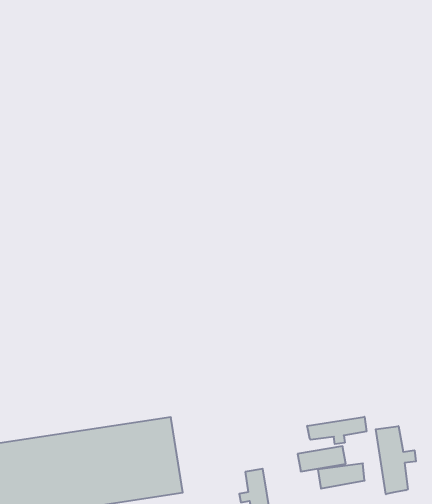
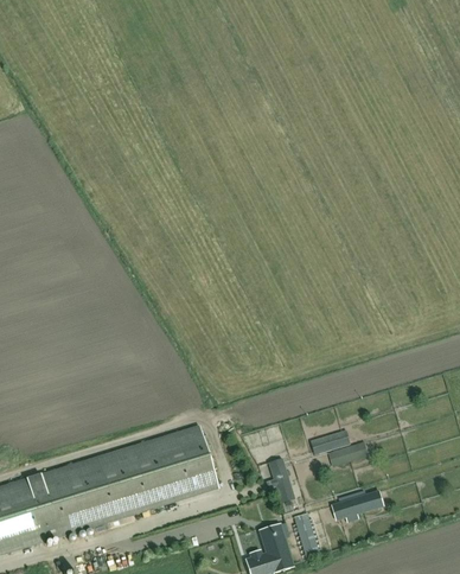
building: [307,417,366,444] -> none
building: [376,426,416,494] -> none

